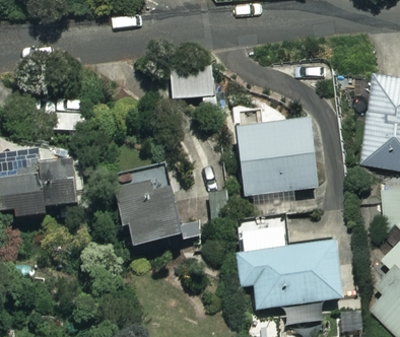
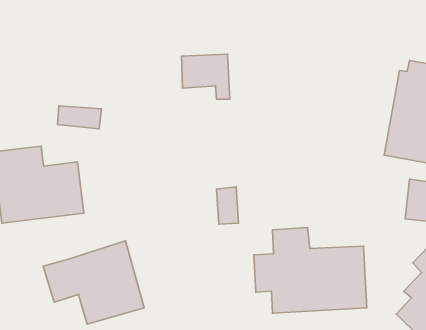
building: [234,116,318,210] -> none
building: [92,179,186,256] -> [43,241,144,324]

